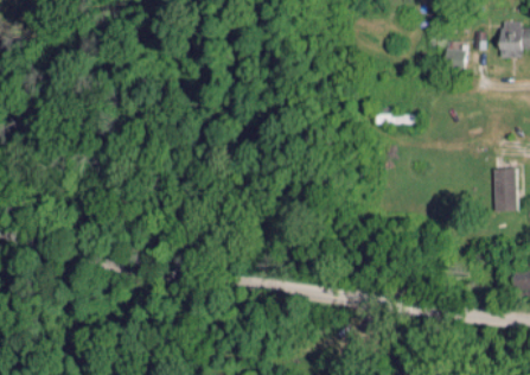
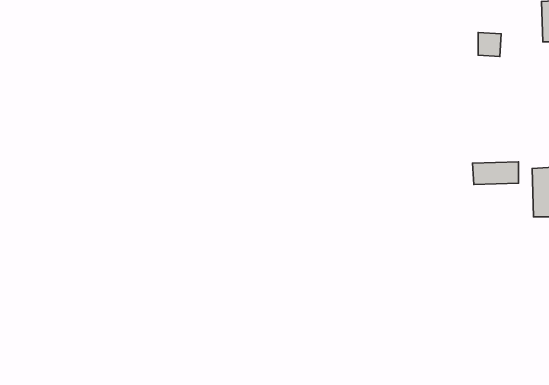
building: none -> [472,162,518,184]

